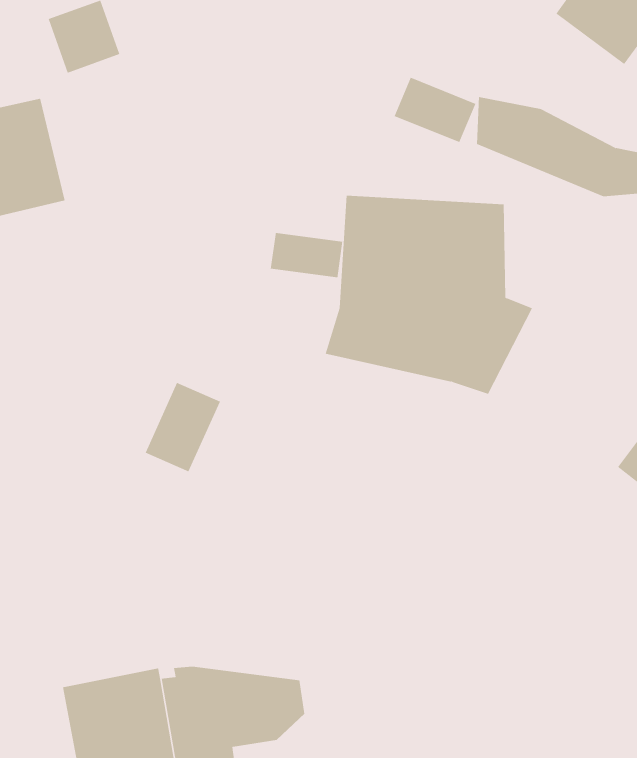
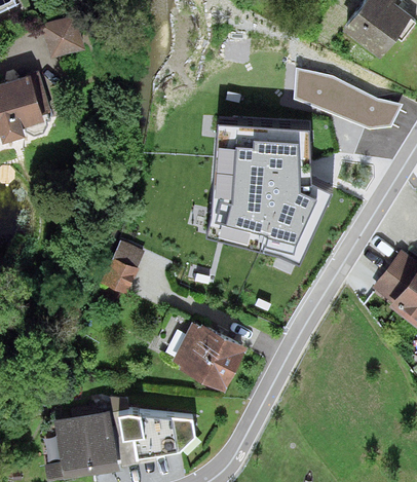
building: [394,77,476,143] -> none
building: [270,232,343,278] -> none
building: none -> [169,318,249,388]

